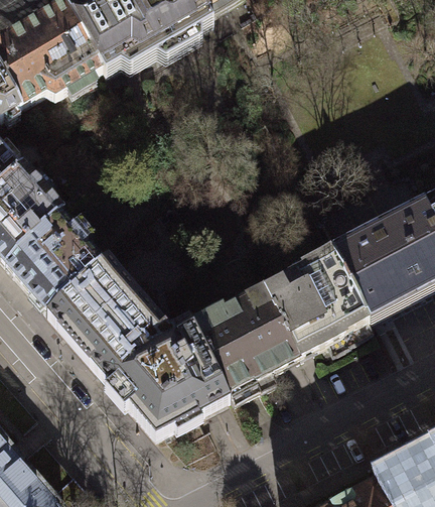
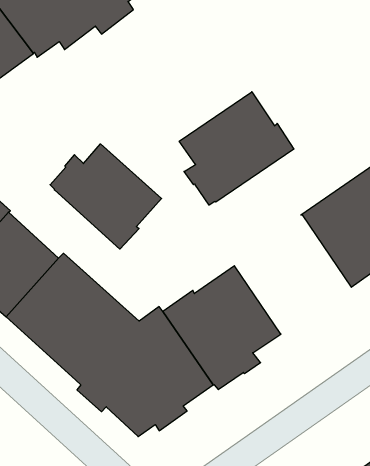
building: none -> [179,92,294,205]
building: none -> [50,144,162,249]
building: [262,245,372,353] -> none

